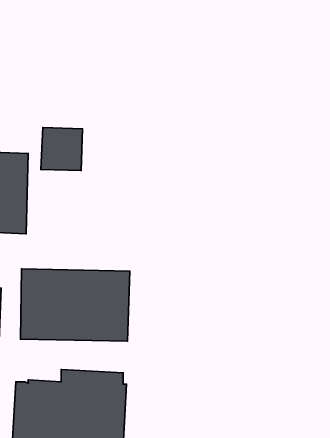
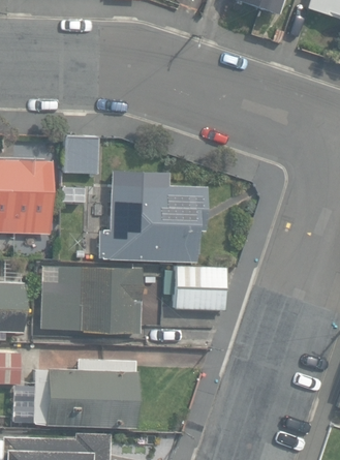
building: none -> [100,179,209,262]
building: none -> [176,267,227,311]

